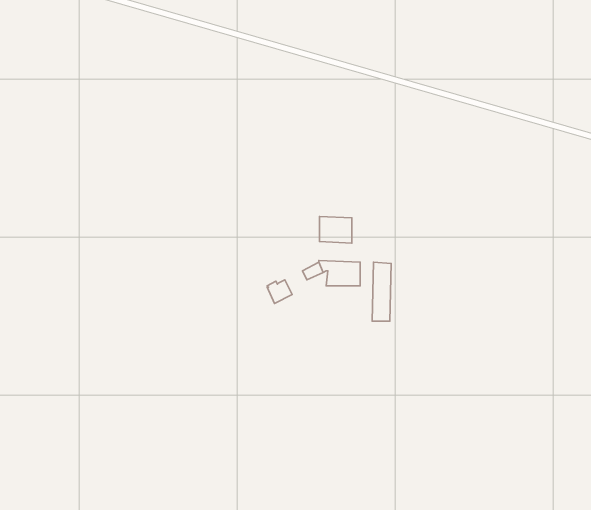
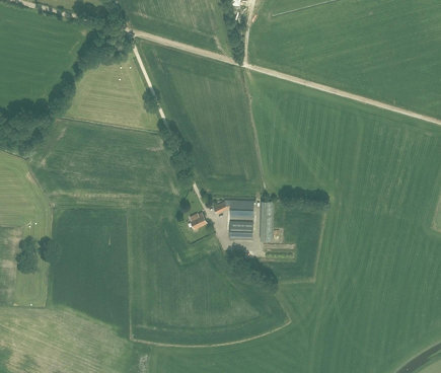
building: [319,216,352,243] -> [229,221,251,239]

